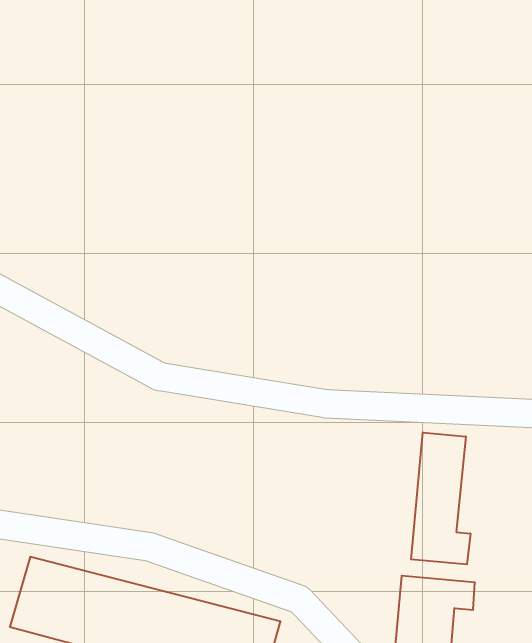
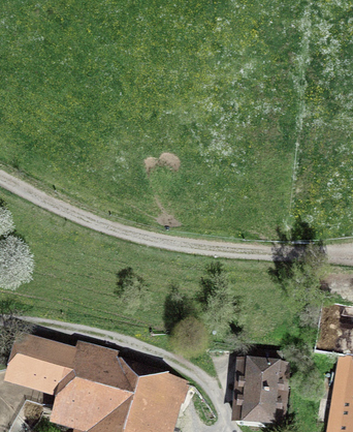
building: [411,432,470,564] -> none

